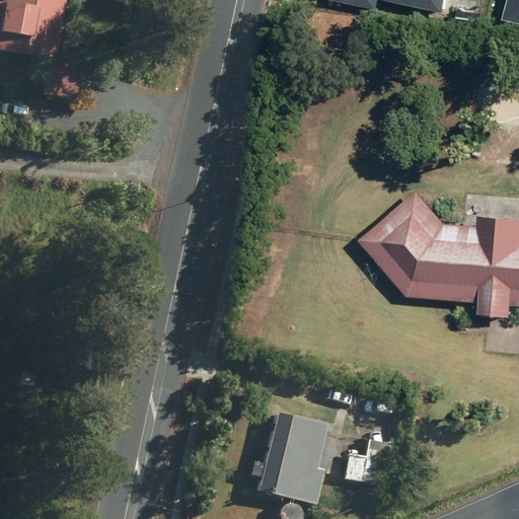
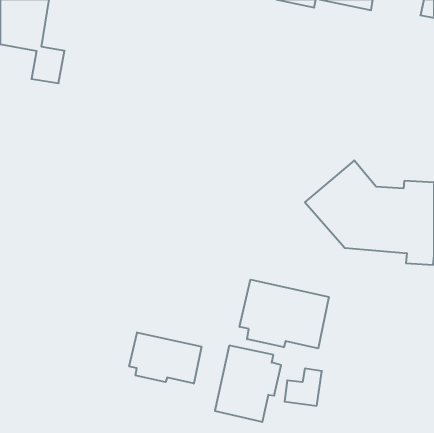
building: none -> [240,280,329,348]
building: none -> [129,332,201,384]

